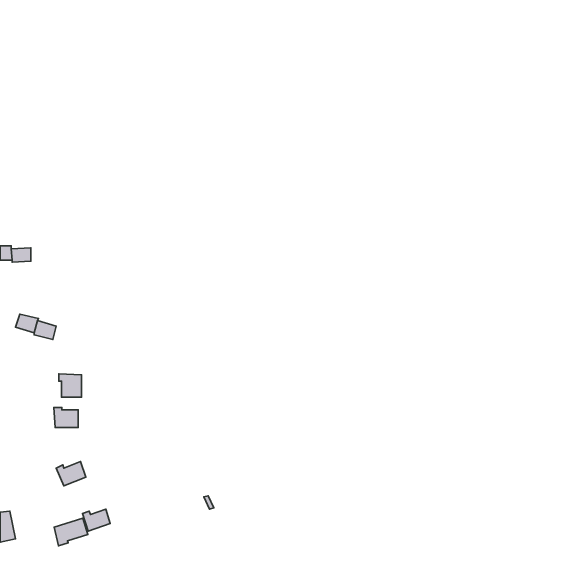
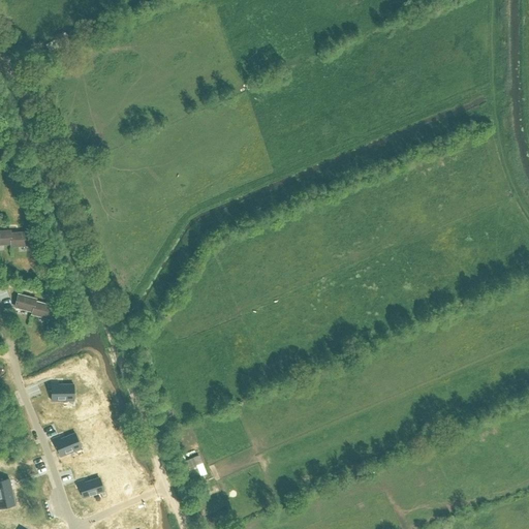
building: [59,374,82,397] -> none
building: [54,518,88,546] -> none

